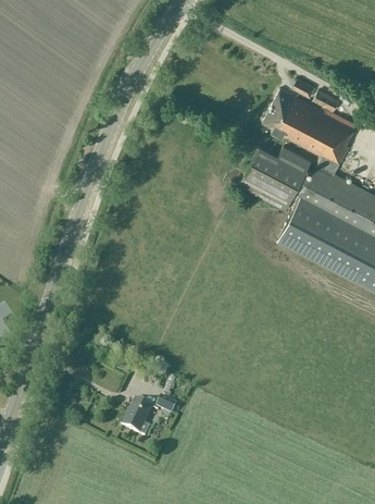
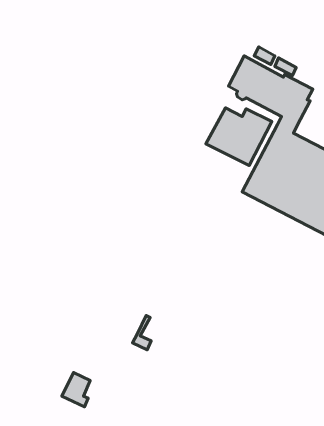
building: [121,401,152,439] -> [62,373,90,407]

